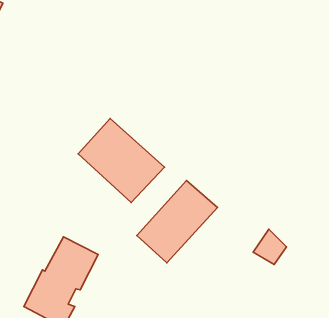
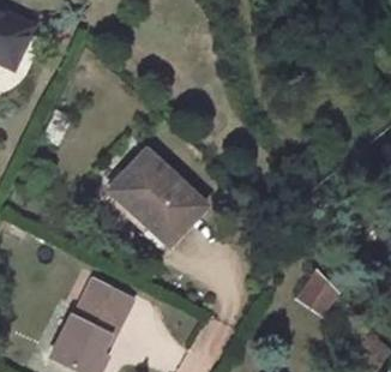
building: [137,180,218,263] -> none

